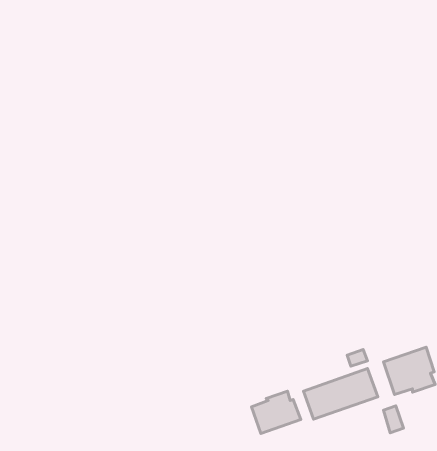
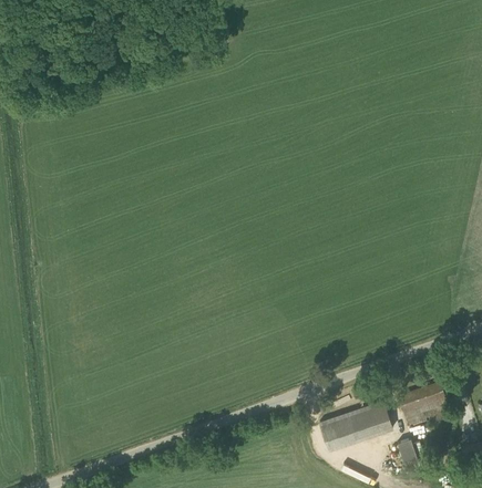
building: [252,391,301,433] -> none

